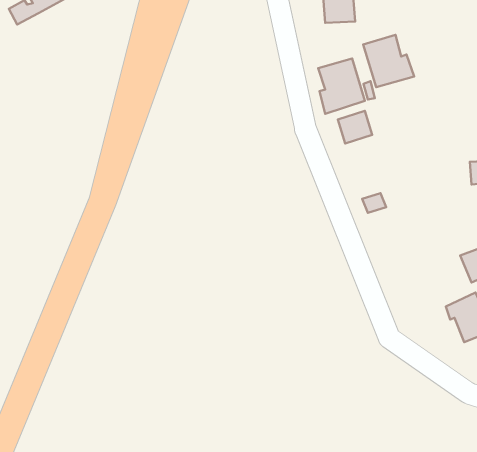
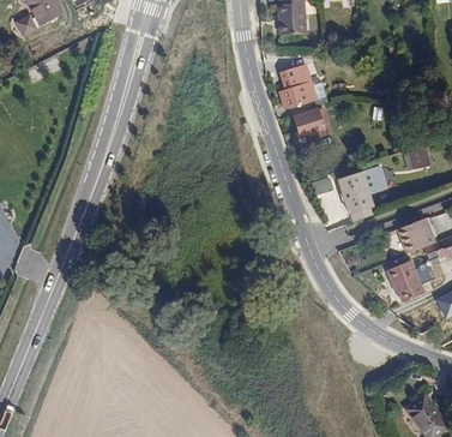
building: [363,35,414,87] -> none
building: none -> [336,162,384,218]

